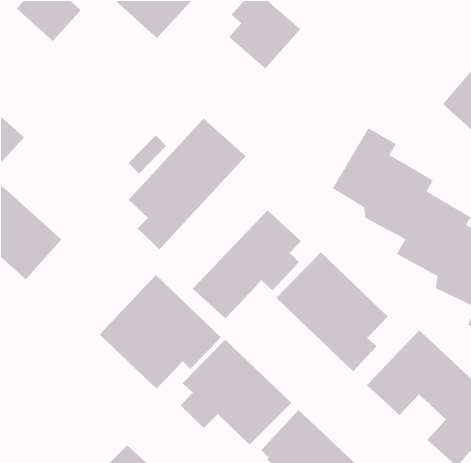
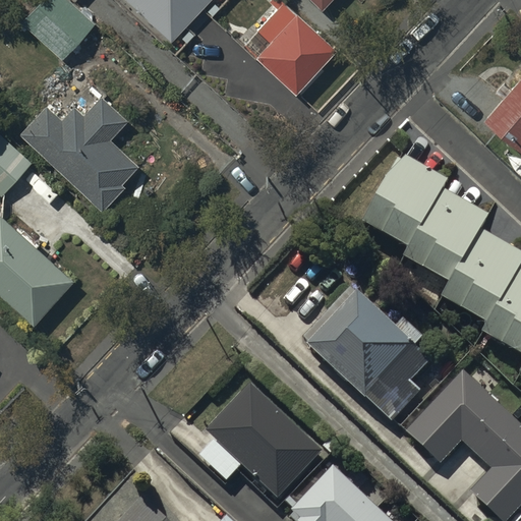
building: none -> [16,94,136,208]
building: [128,118,247,250] -> none
building: [192,209,302,319] -> none
building: [99,274,222,389] -> none

